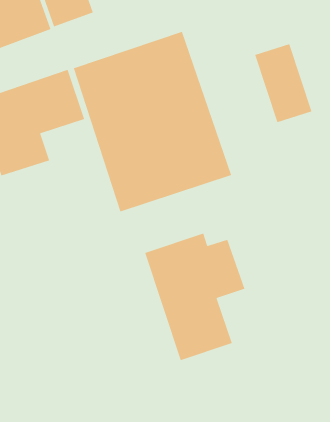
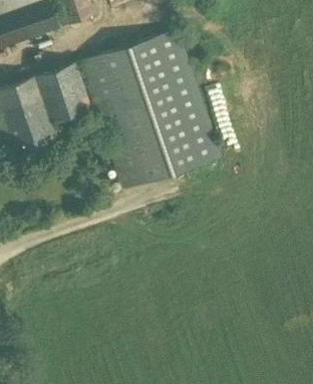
building: [254,43,312,123] -> none
building: [144,232,246,361] -> none

